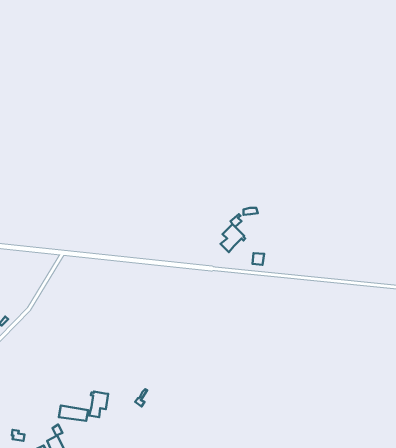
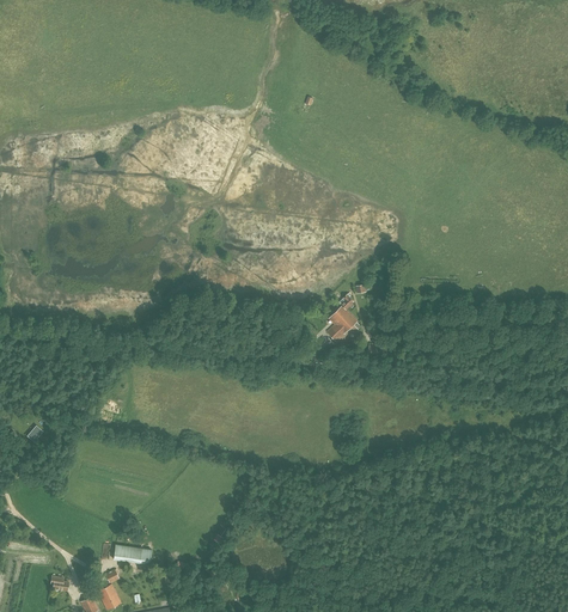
building: [89,392,108,417] -> none

